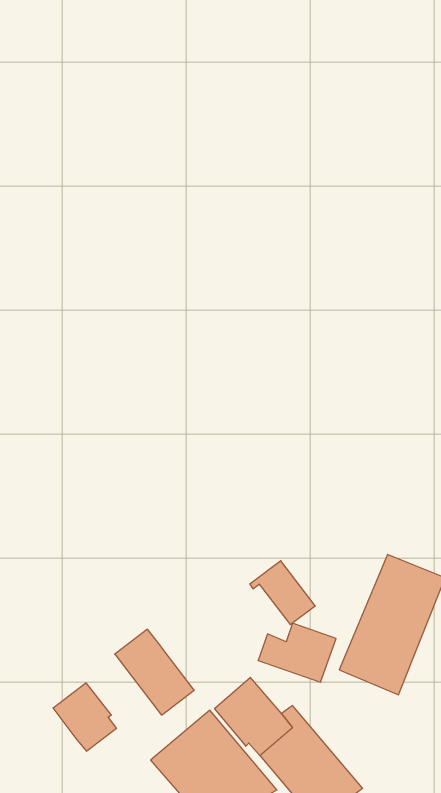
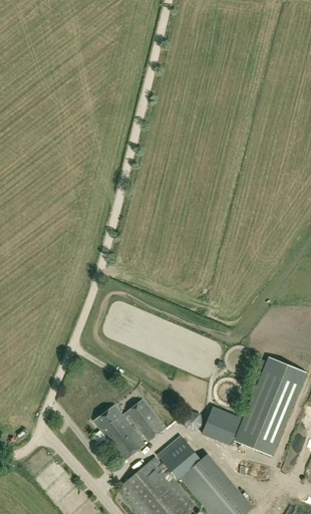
building: [250,561,315,625] -> [123,402,166,443]
building: [53,683,116,751] -> none

